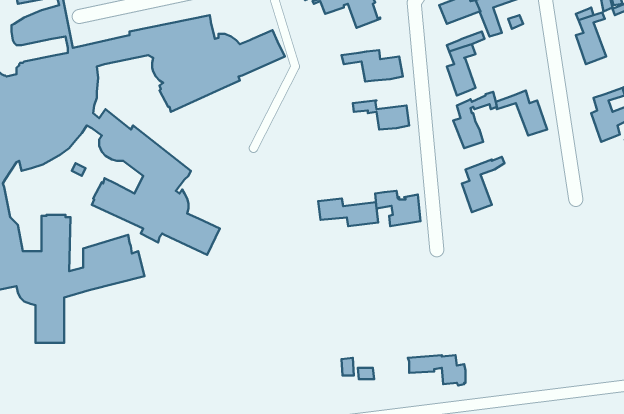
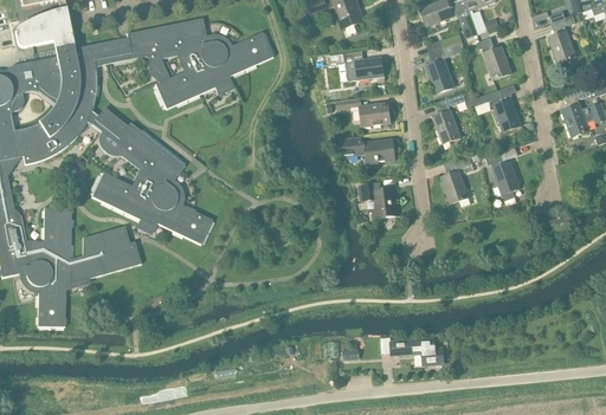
building: none -> [476,35,511,78]
building: none -> [485,151,520,199]
building: [318,199,378,226] -> [339,135,395,161]

